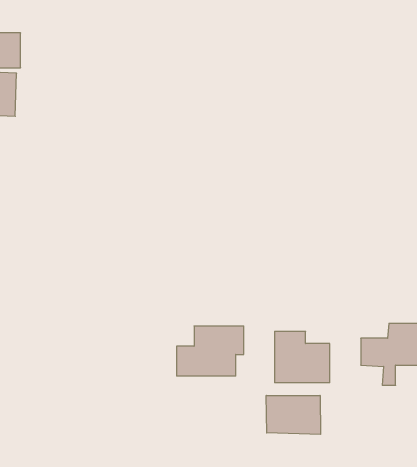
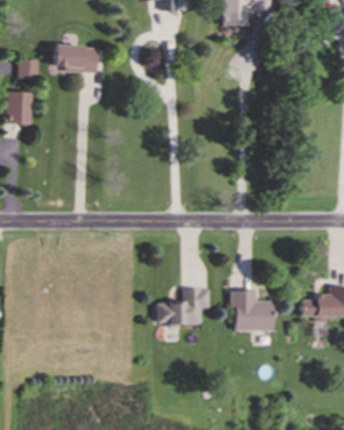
building: none -> [57,45,98,70]
building: [266,395,320,434] -> none

